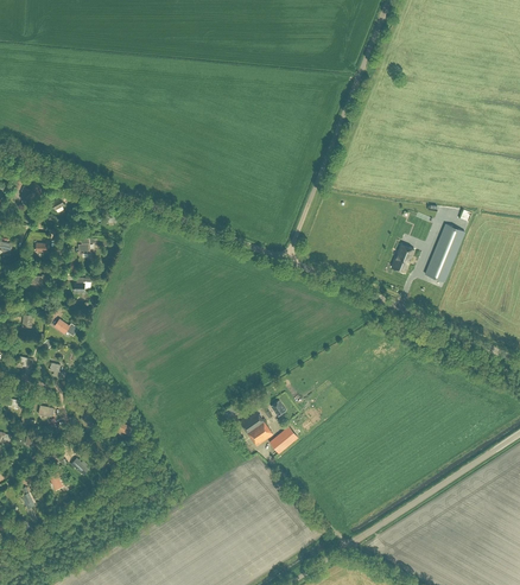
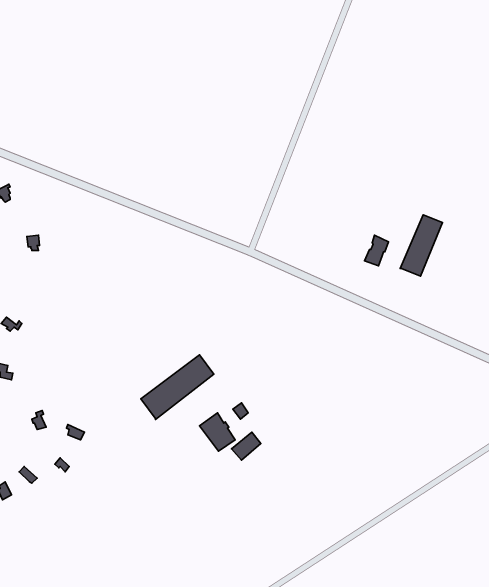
building: none -> [141,355,214,420]

